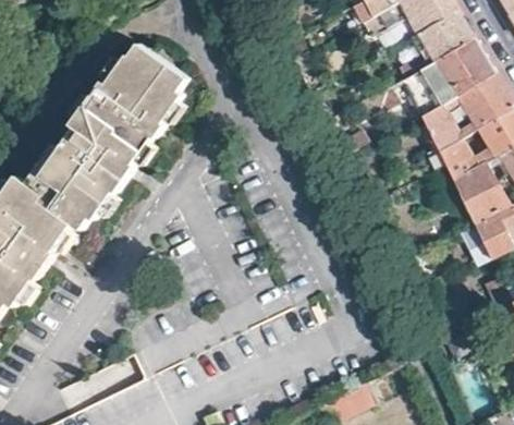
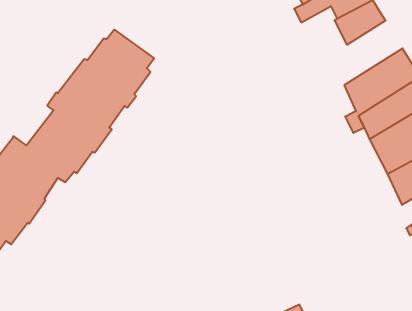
building: [404,35,492,113] -> none

